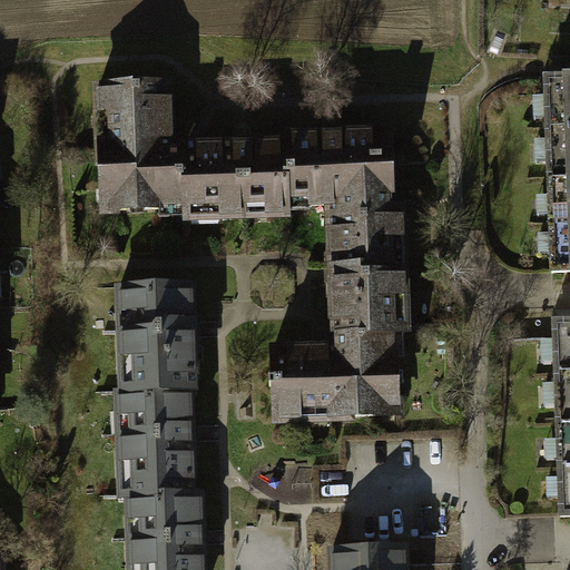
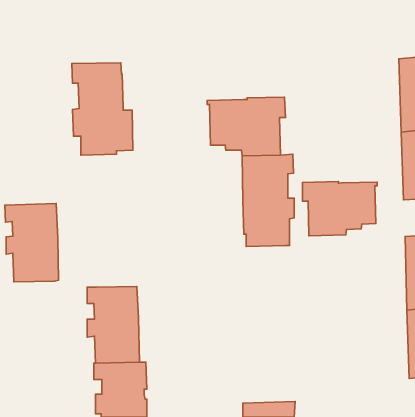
building: [183,142,289,216] -> none
building: none -> [302,182,377,236]
building: [121,285,195,392] -> [5,203,59,282]
building: [271,335,399,419] -> none

